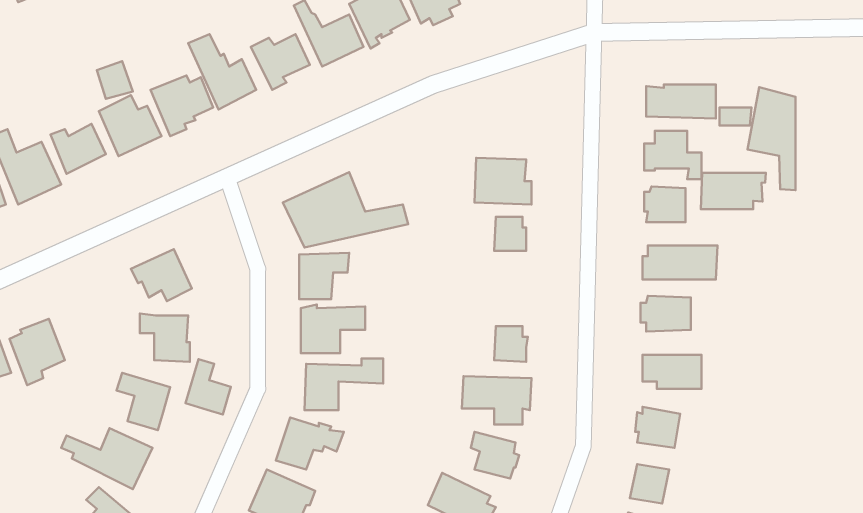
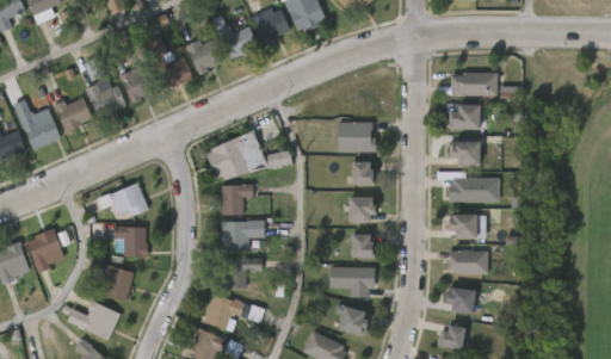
building: [748,87,796,190] -> none
building: [701,173,766,209] -> none
building: none -> [346,196,374,219]
building: [185,359,231,414] -> none

